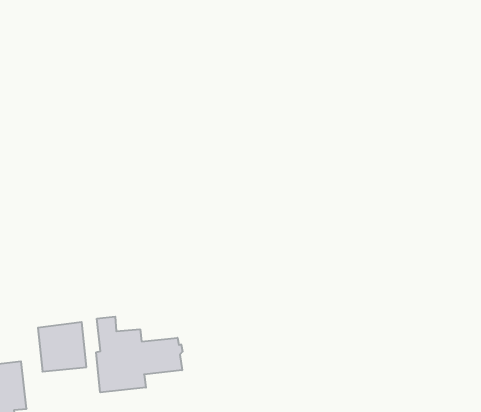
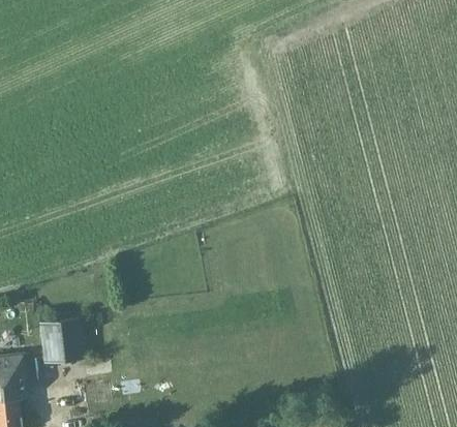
building: [96,317,183,392] -> none

